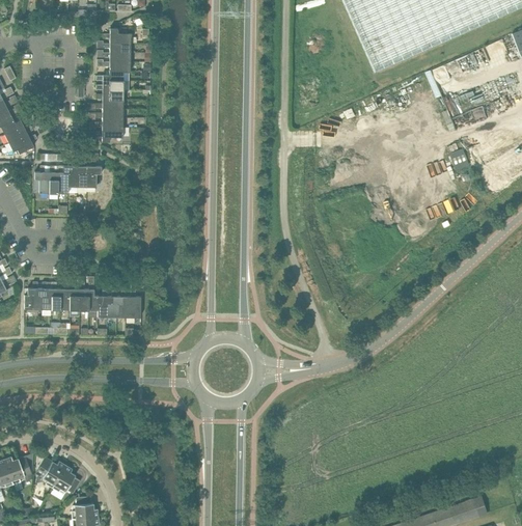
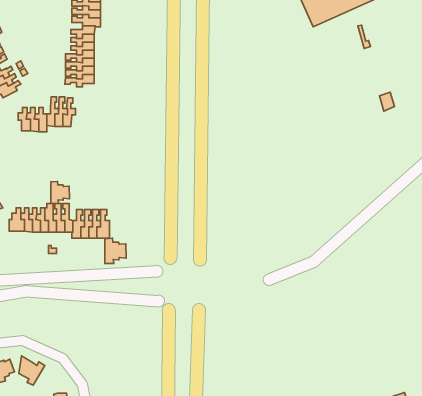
building: none -> [51,181,69,203]
building: none -> [105,238,126,264]
building: [52,464,80,493] -> none

